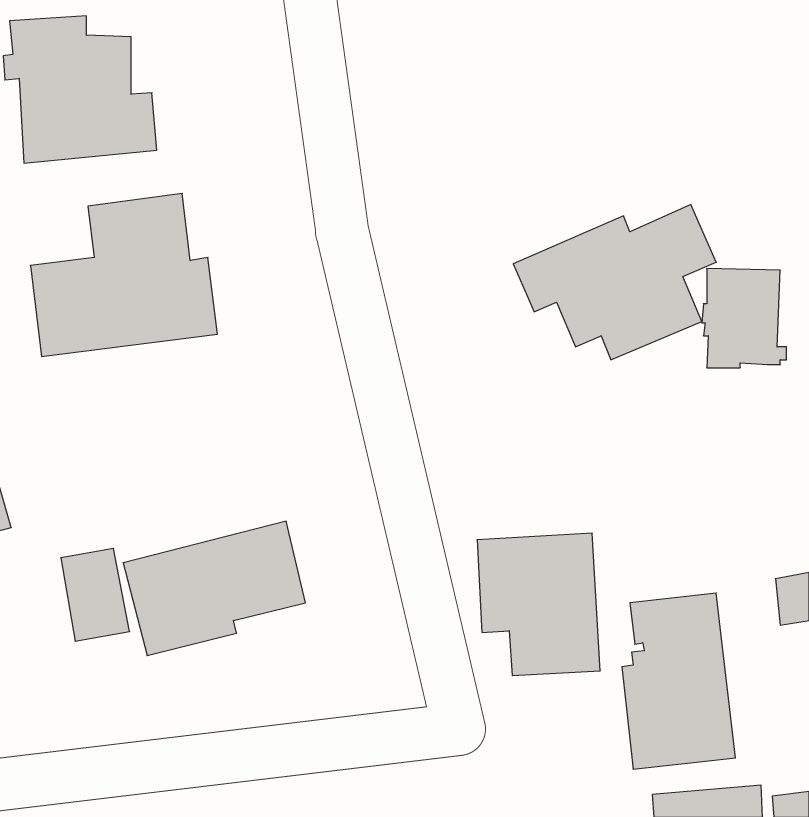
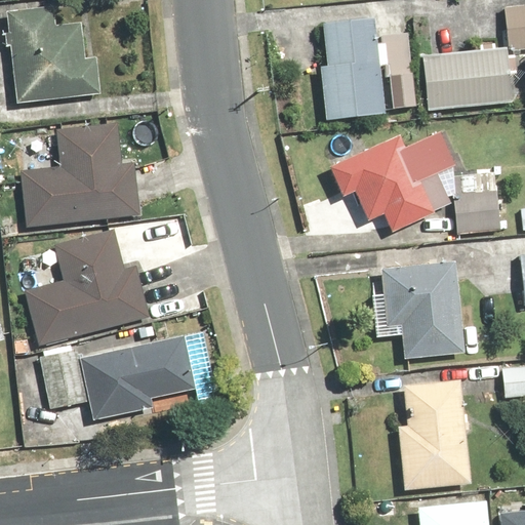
building: none -> [321,17,382,117]
building: none -> [422,43,513,111]
building: none -> [23,231,150,347]
building: [477,533,600,676] -> [375,257,454,349]

